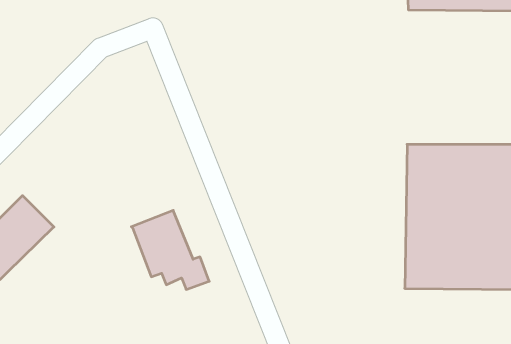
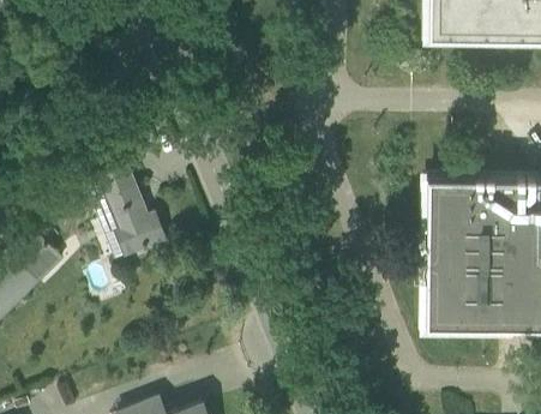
building: [131,210,209,289] -> [85,167,166,248]

